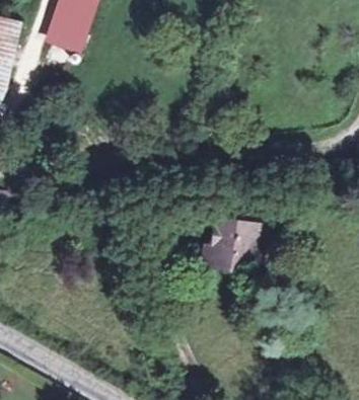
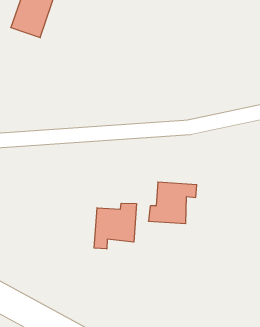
building: none -> [94,203,136,249]

